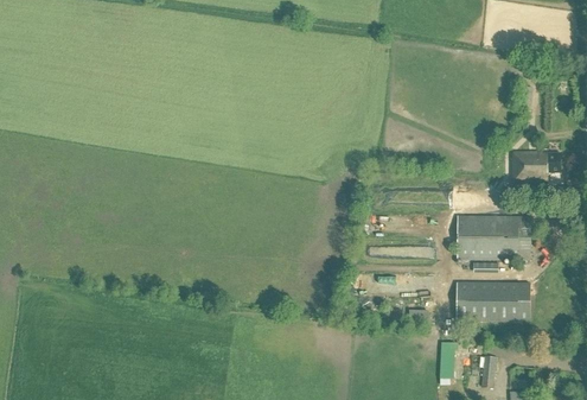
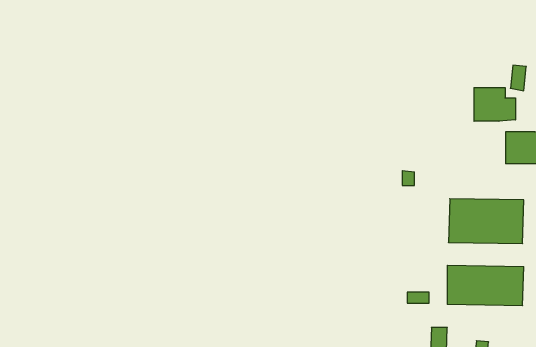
building: none -> [474,88,515,121]

